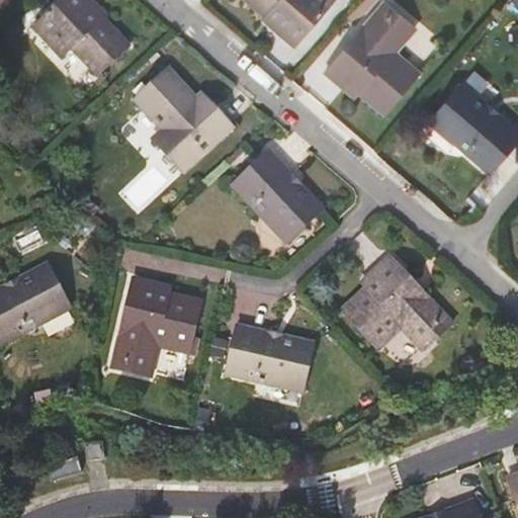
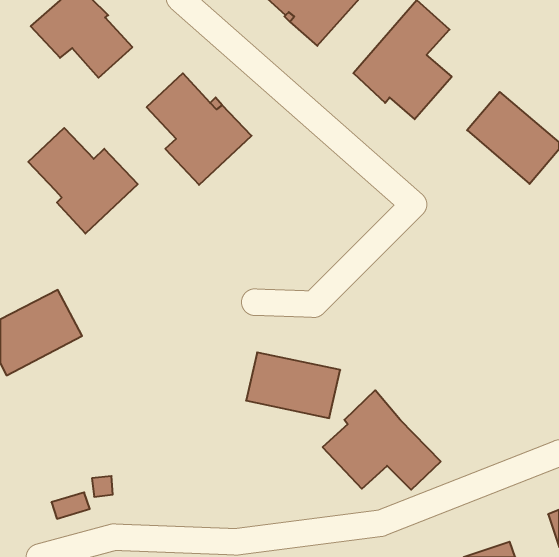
building: none -> [28,128,138,234]
building: [232,150,318,240] -> none
building: [342,257,451,349] -> [323,390,441,490]
building: [113,280,201,376] -> none

